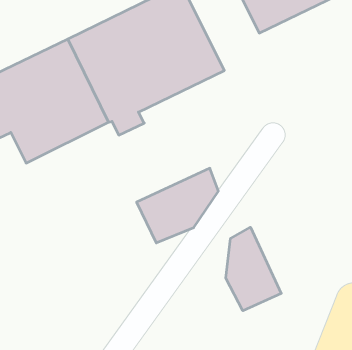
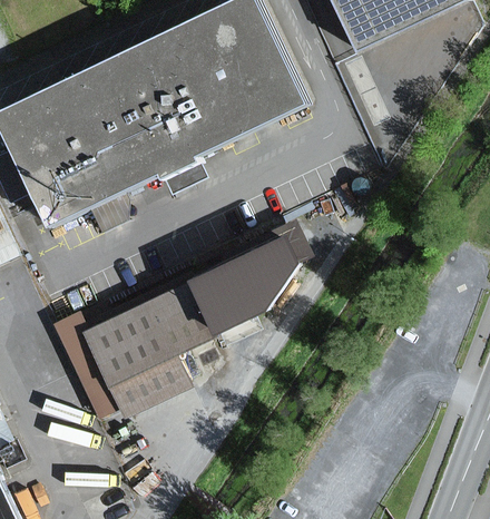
building: none -> [48,275,223,414]
building: [226,227,281,311] -> none

